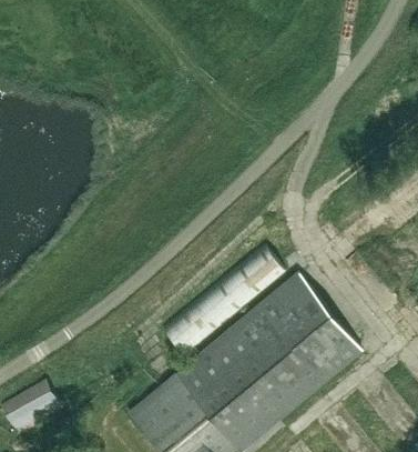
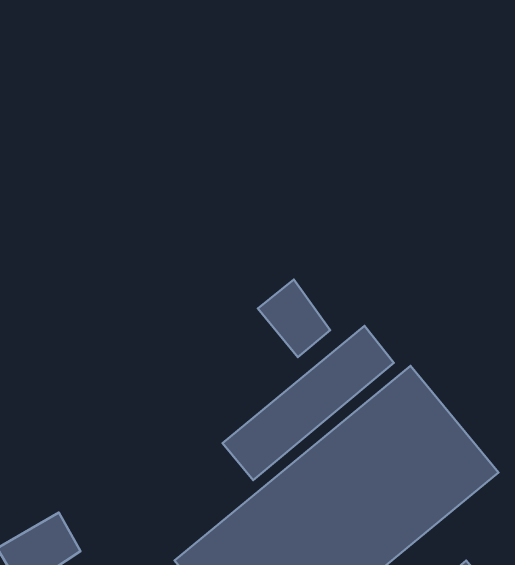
building: none -> [258,280,330,357]

